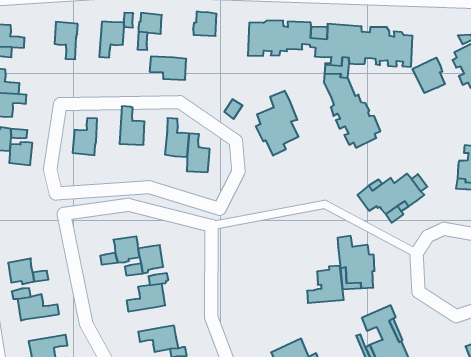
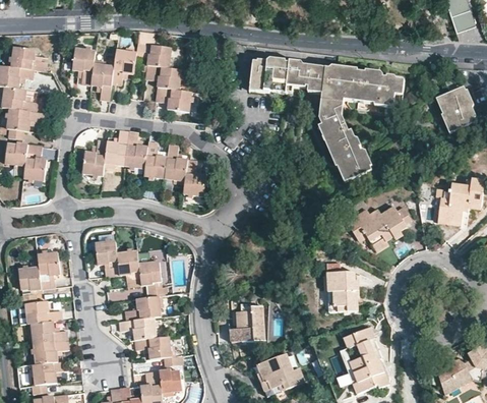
building: [193,12,217,36] -> [161,63,183,87]
building: none -> [90,63,115,99]
building: [413,58,445,93] -> none
building: [256,91,298,156] -> none
building: none -> [106,128,131,164]
building: none -> [148,140,172,176]
building: none -> [95,239,118,264]
building: none -> [38,251,60,274]
building: [307,266,344,303] -> [231,308,264,341]
building: none -> [120,316,158,339]
building: none -> [32,320,68,342]

